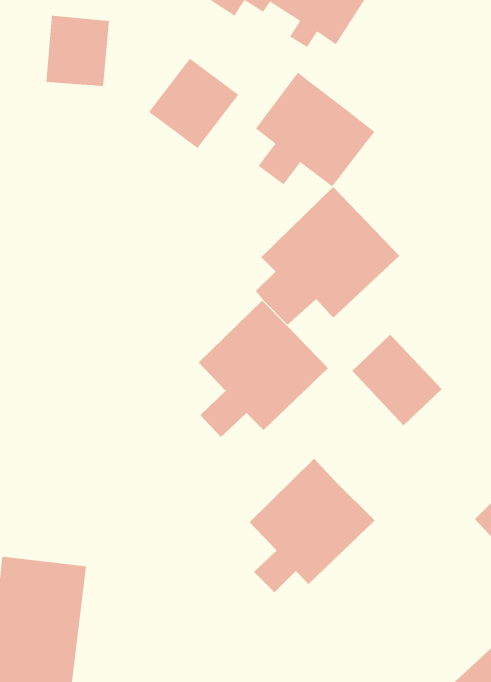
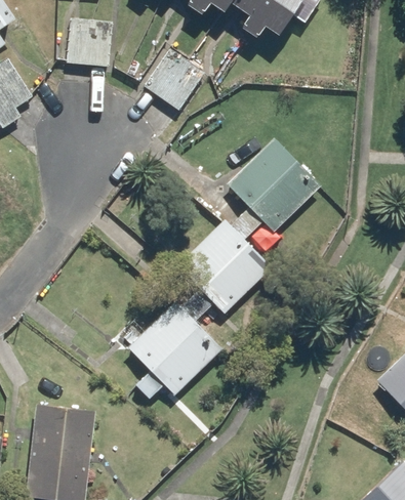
building: [255,72,375,187] -> none
building: [352,334,442,426] -> none
building: [249,458,375,593] -> [131,302,222,400]

